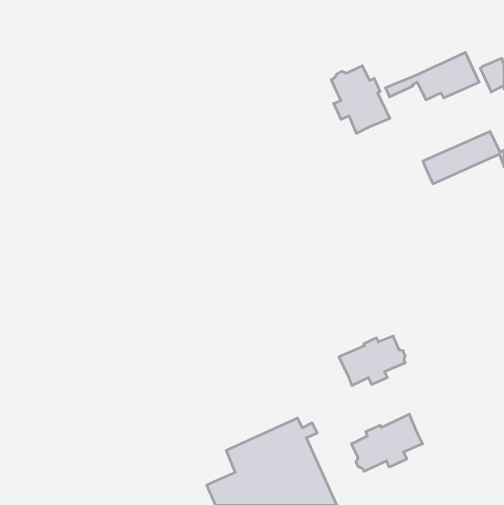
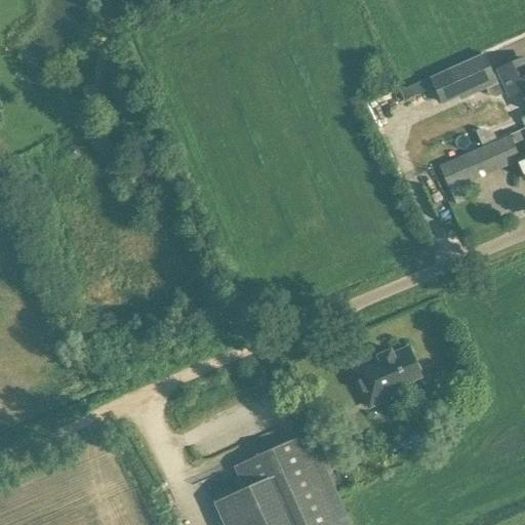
building: [331,66,390,133] -> none
building: [351,414,423,471] -> none

